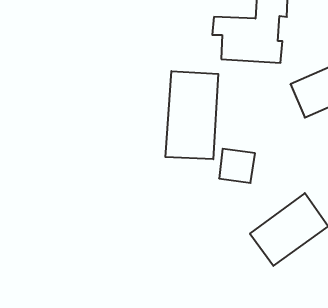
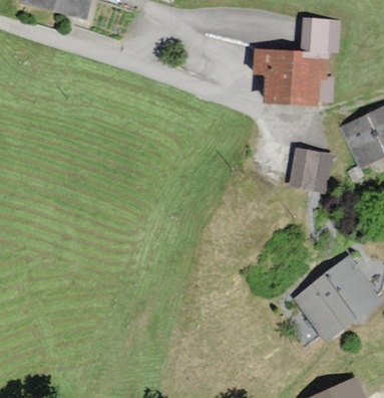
building: [165,71,218,159] -> none
building: [219,149,255,183] -> [291,152,331,190]

